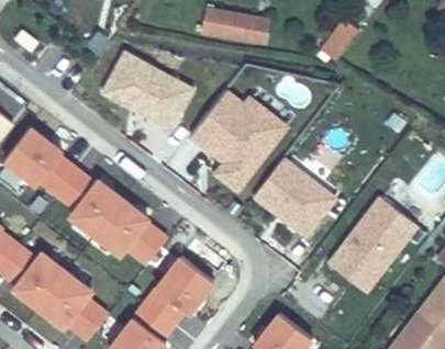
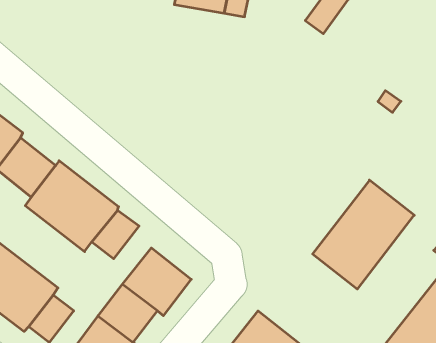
building: [99,48,196,131] -> none
building: [189,88,290,193] -> none
building: [252,157,337,239] -> none

